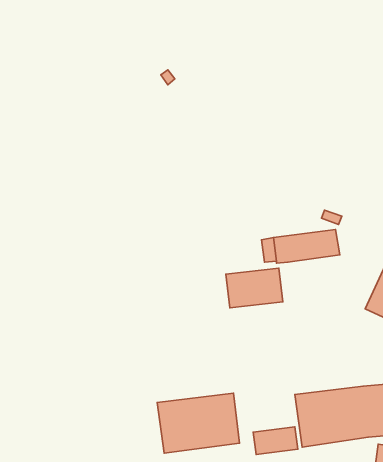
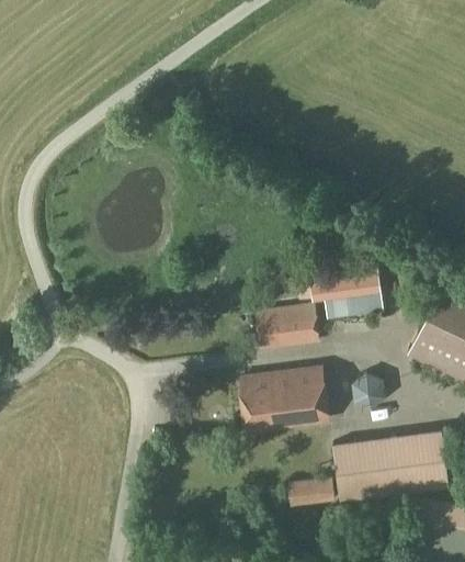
building: none -> [326,292,384,319]
building: none -> [353,373,387,409]
building: [157,393,240,453] -> [241,368,330,432]

